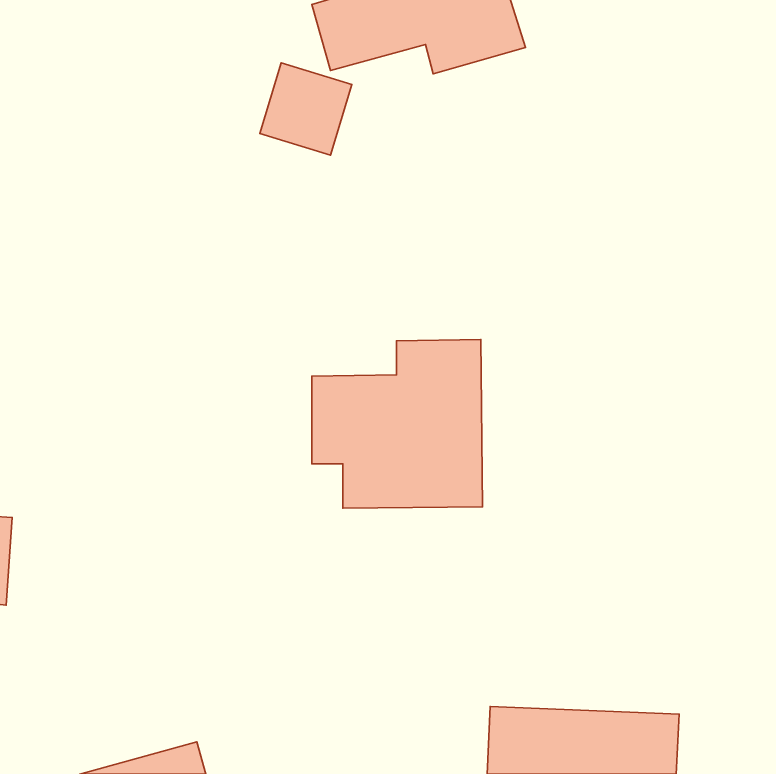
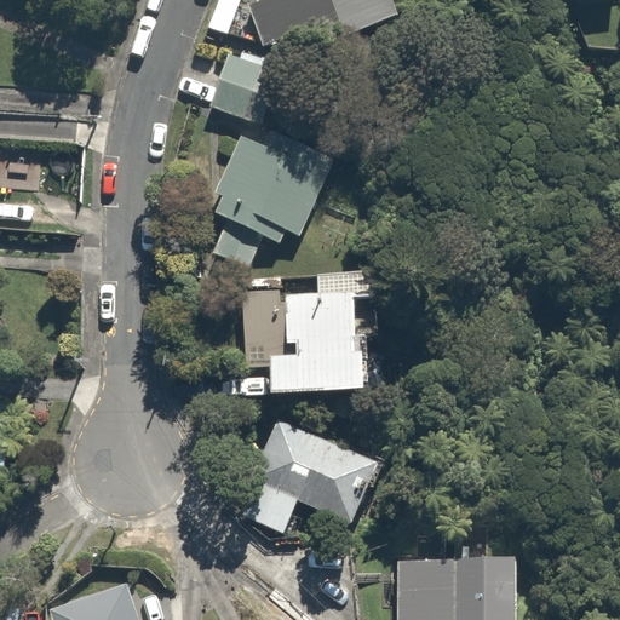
building: none -> [208,130,329,264]
building: none -> [231,414,385,533]

